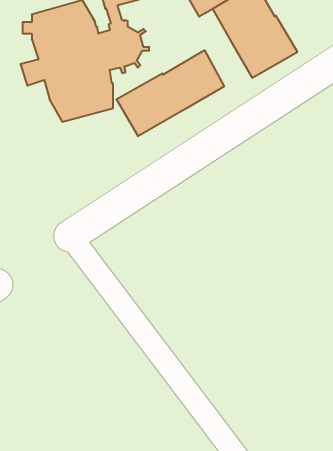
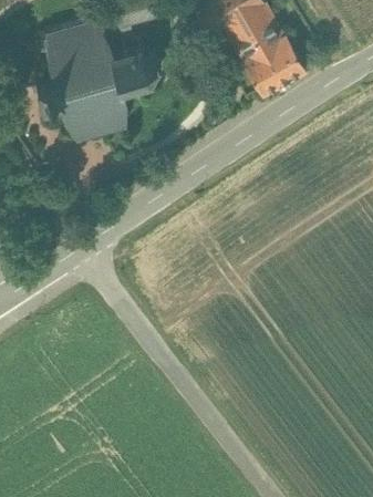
building: [117,50,224,136] -> none

